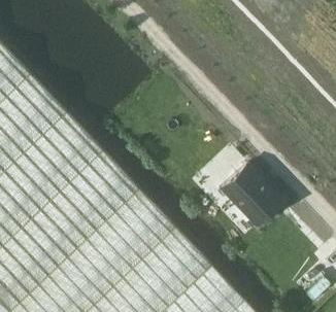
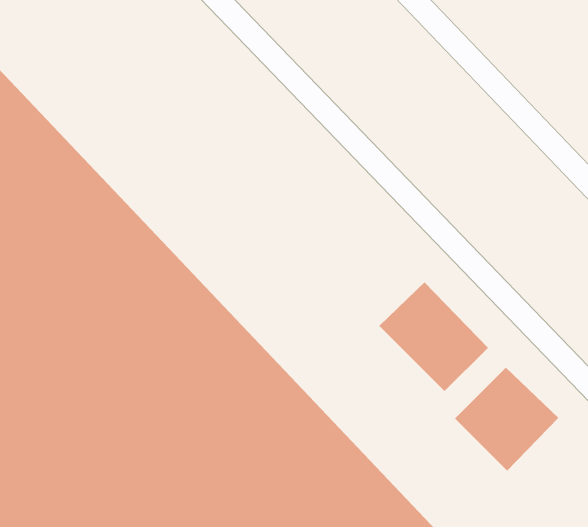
building: none -> [454,367,559,472]

